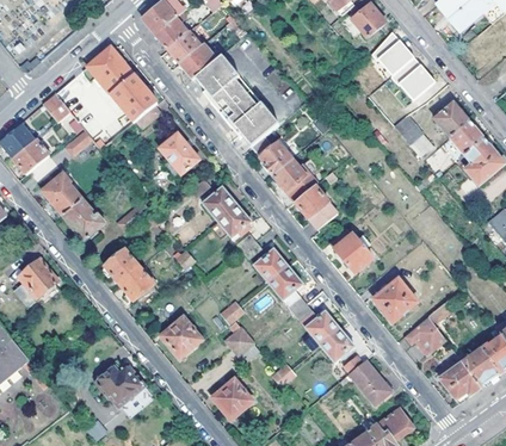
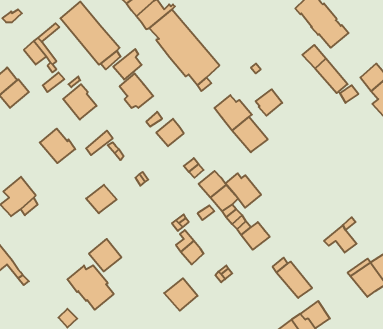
building: [434,101,469,136] -> none
building: none -> [113,49,142,80]
building: [260,141,292,173] -> [256,89,282,116]
building: [42,172,82,215] -> [63,84,97,120]
building: [217,204,251,237] -> none
building: [329,230,372,272] -> [225,173,261,208]
building: [104,248,140,283] -> none
building: [375,278,416,321] -> none
building: [162,317,202,357] -> [89,239,121,271]
building: [320,329,353,361] -> none

